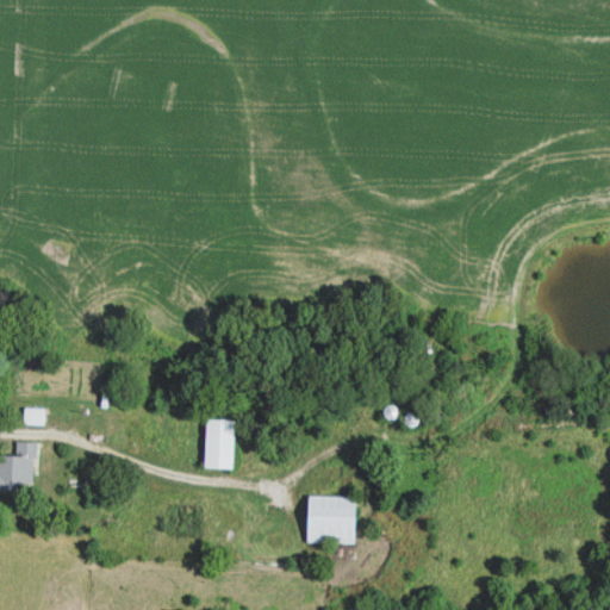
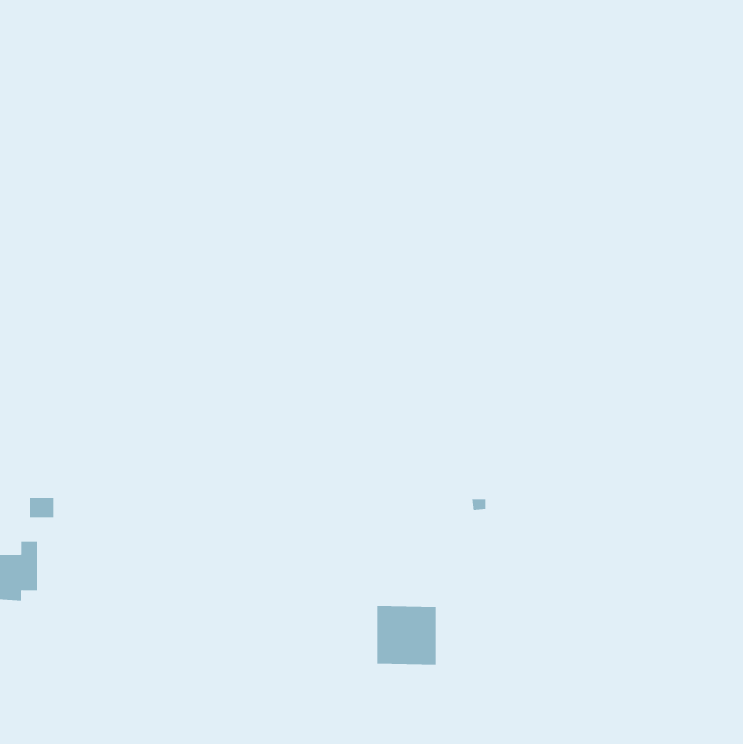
building: [205,419,236,467] -> none

